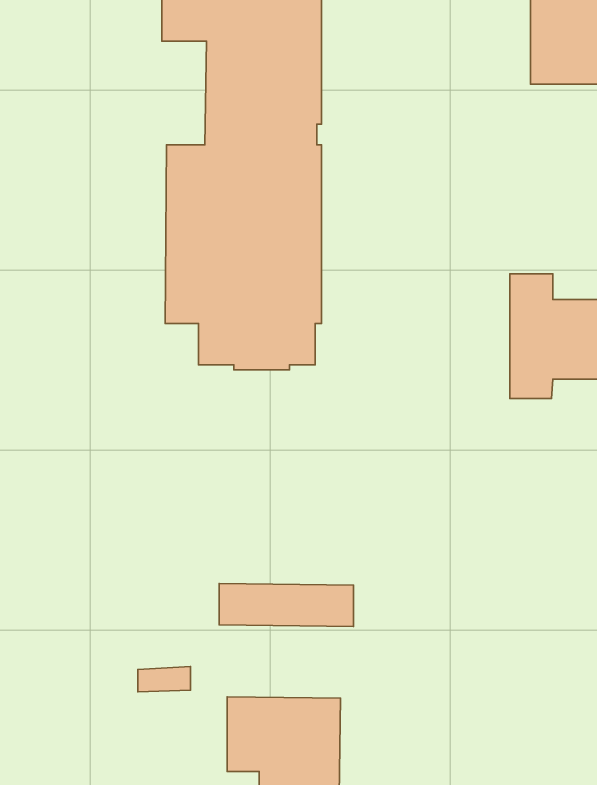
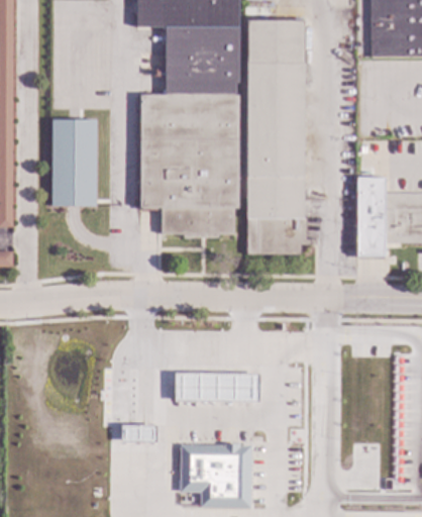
building: none -> [247,19,317,253]
building: none -> [50,118,97,205]

